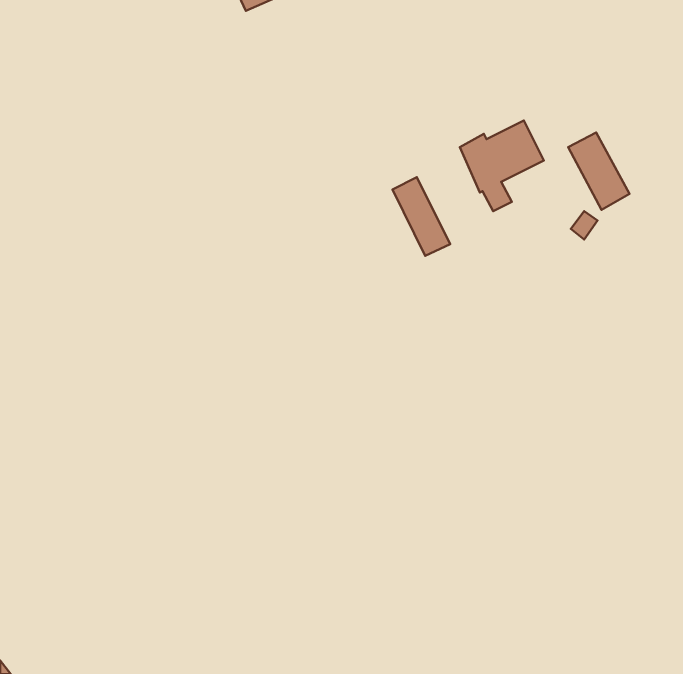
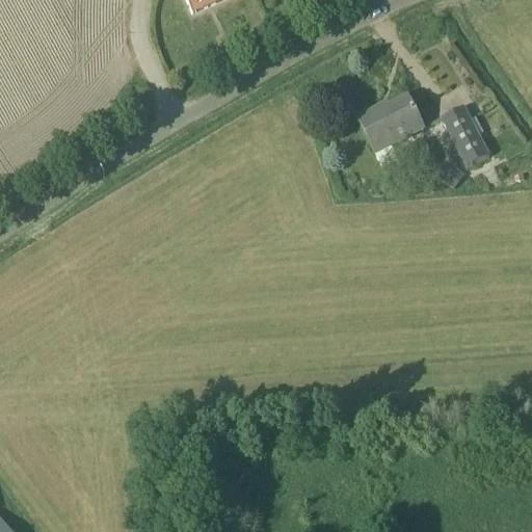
building: [393,177,450,256] -> none

